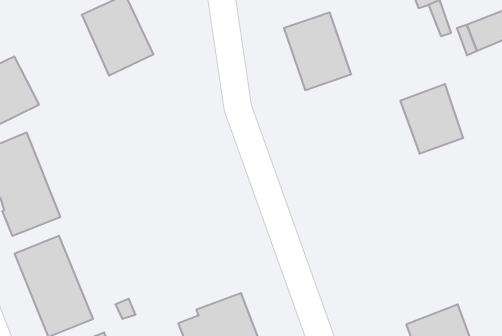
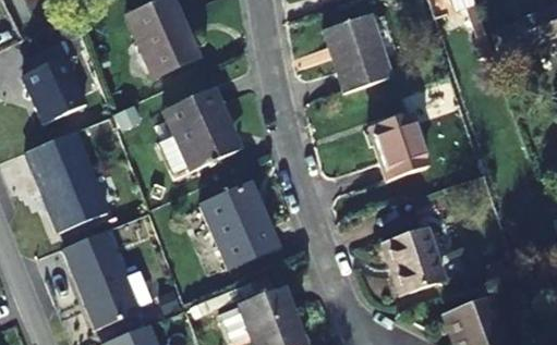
building: [400,84,463,154] -> [367,111,428,178]
building: none -> [164,87,232,170]
building: none -> [199,182,271,267]
building: none -> [382,229,441,293]

